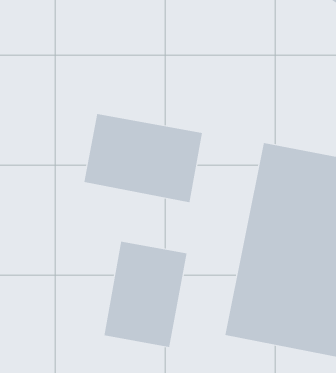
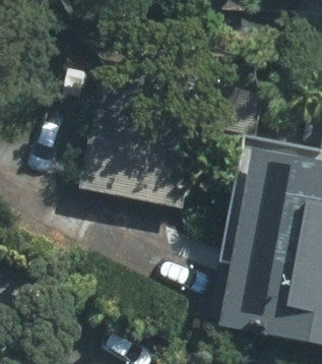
building: [104,241,187,348] -> none

